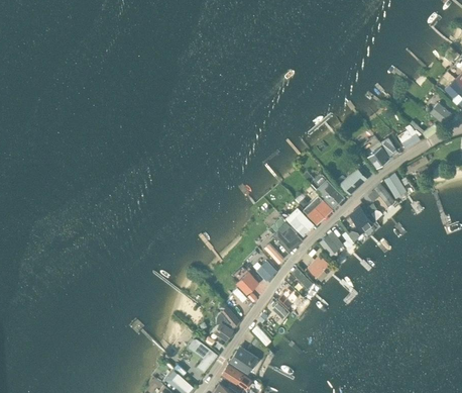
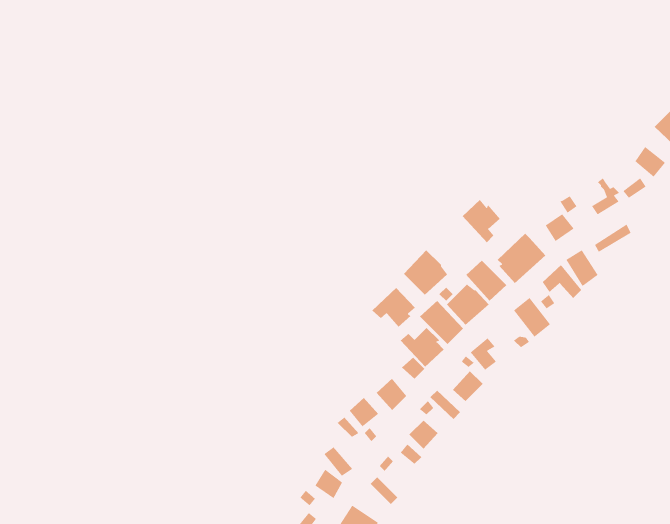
building: none -> [462,199,501,243]
building: none -> [403,249,448,296]
building: none -> [372,287,416,327]

